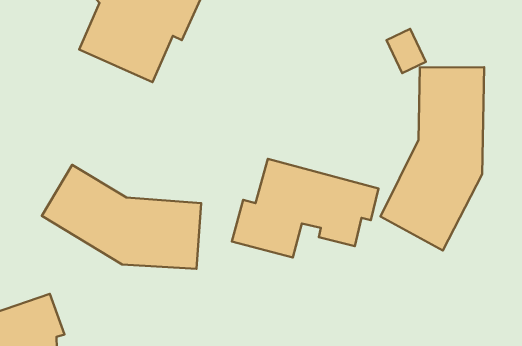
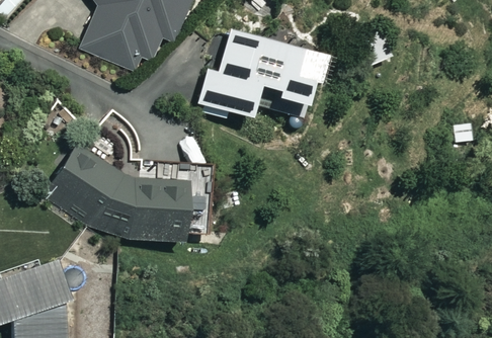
building: [380,67,484,250] -> none
building: [232,159,379,257] -> [198,29,330,117]

